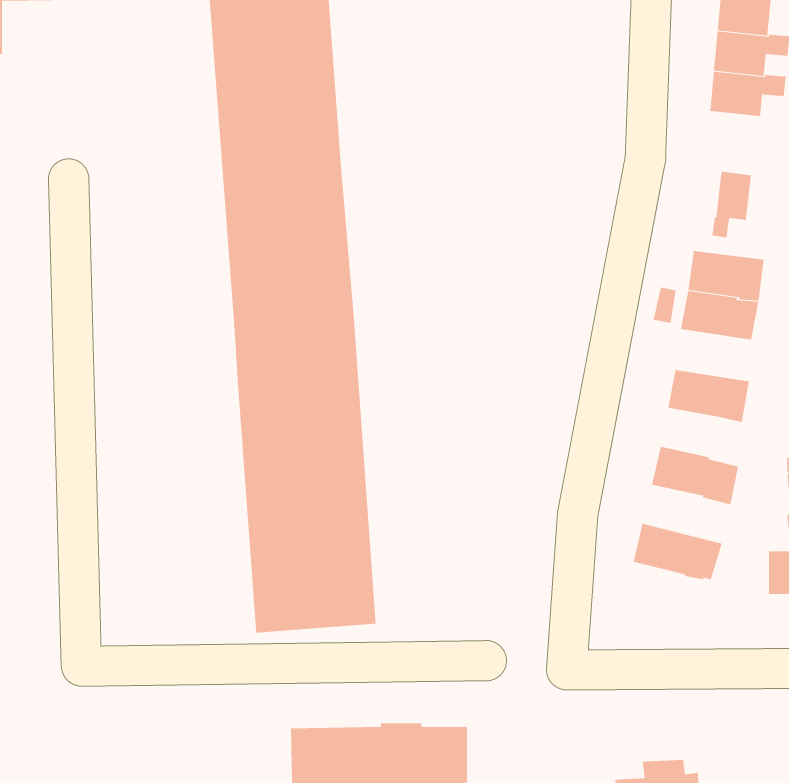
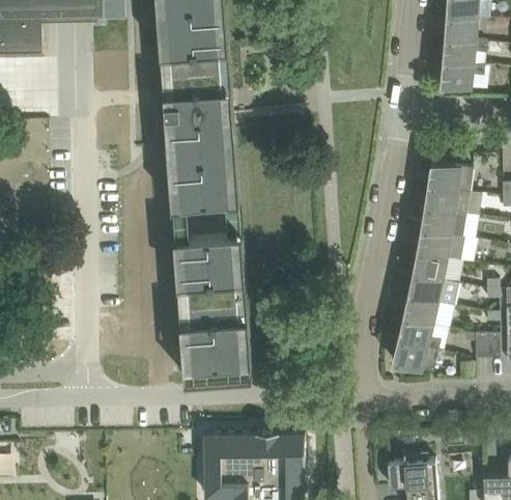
building: [712,171,752,238] -> none
building: none -> [421,207,464,237]
building: none -> [413,252,445,280]
building: none -> [402,296,436,325]
building: none -> [392,339,437,372]

